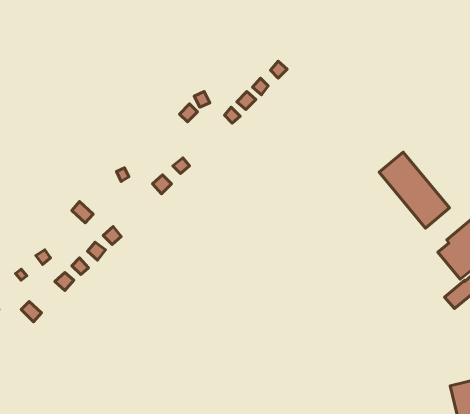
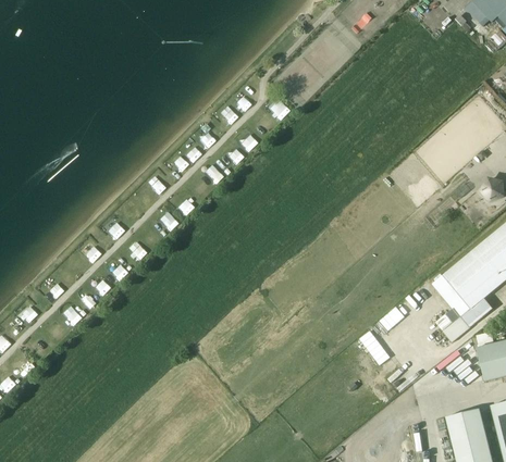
building: [379,152,450,228] -> none

